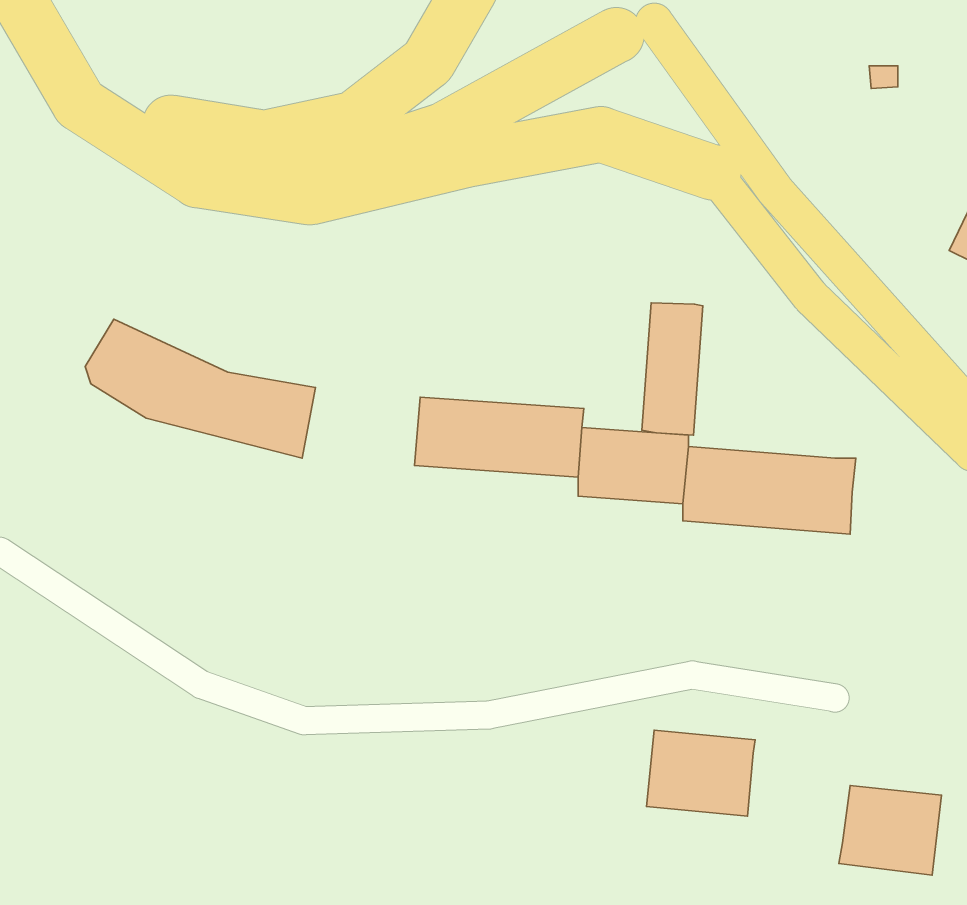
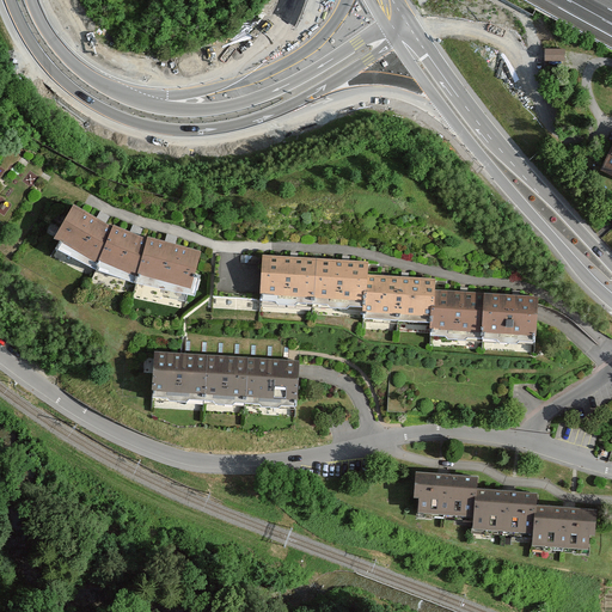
building: [642,303,703,435] -> none
building: none -> [154,351,298,409]
building: none -> [469,479,536,536]

